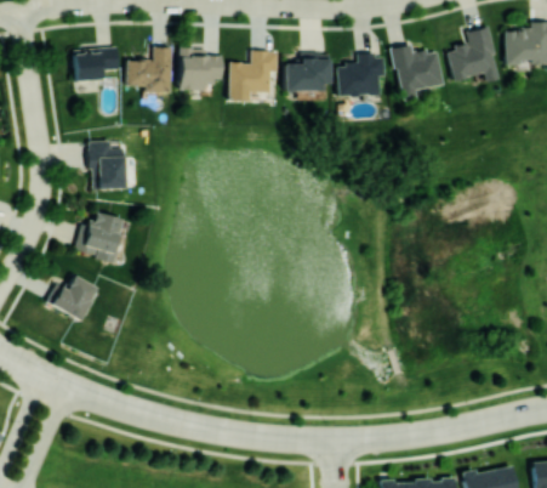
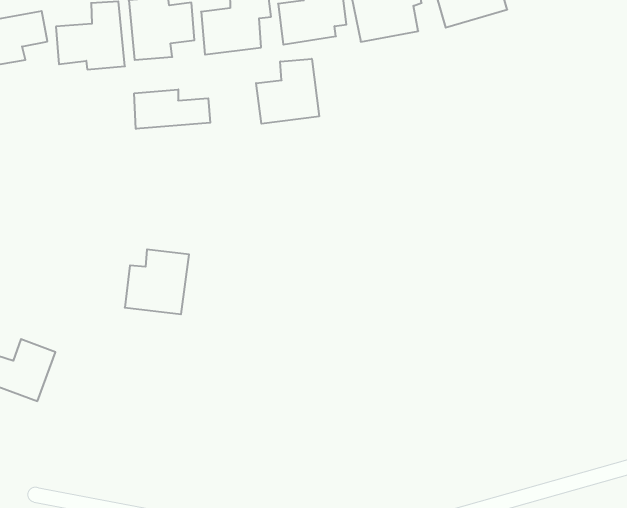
building: none -> [256,59,319,124]
building: none -> [134,89,210,129]
building: [90,141,125,189] -> none
building: [75,212,125,261] -> [125,249,189,314]

